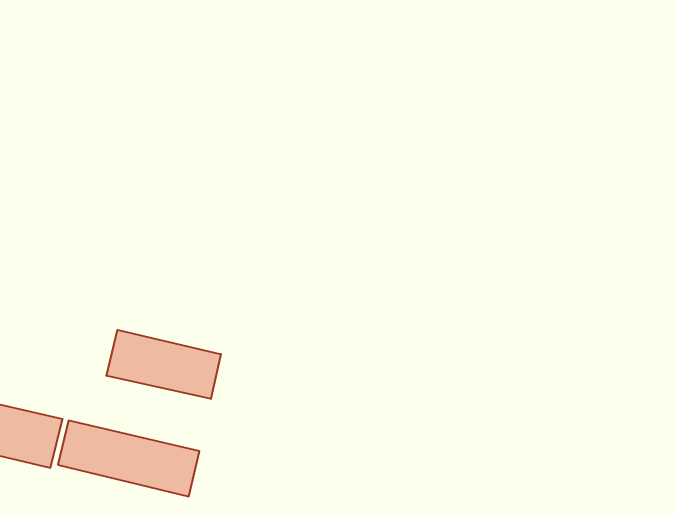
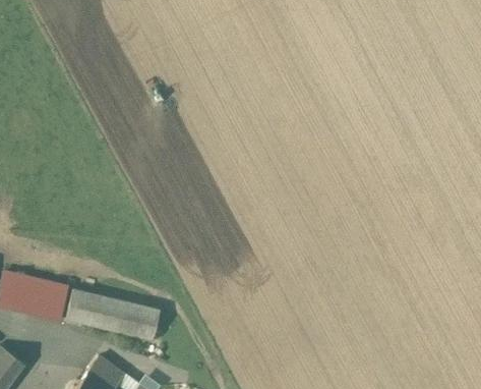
building: [107,330,221,399] -> none

